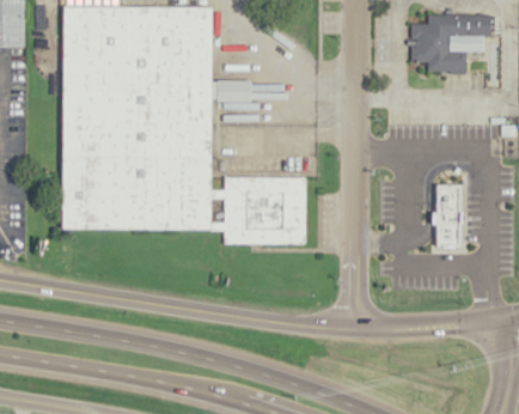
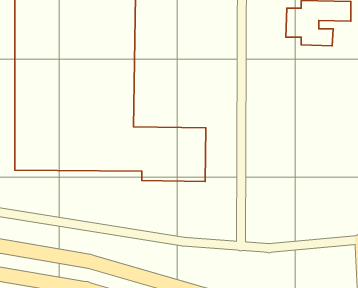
building: [433,184,459,246] -> none

